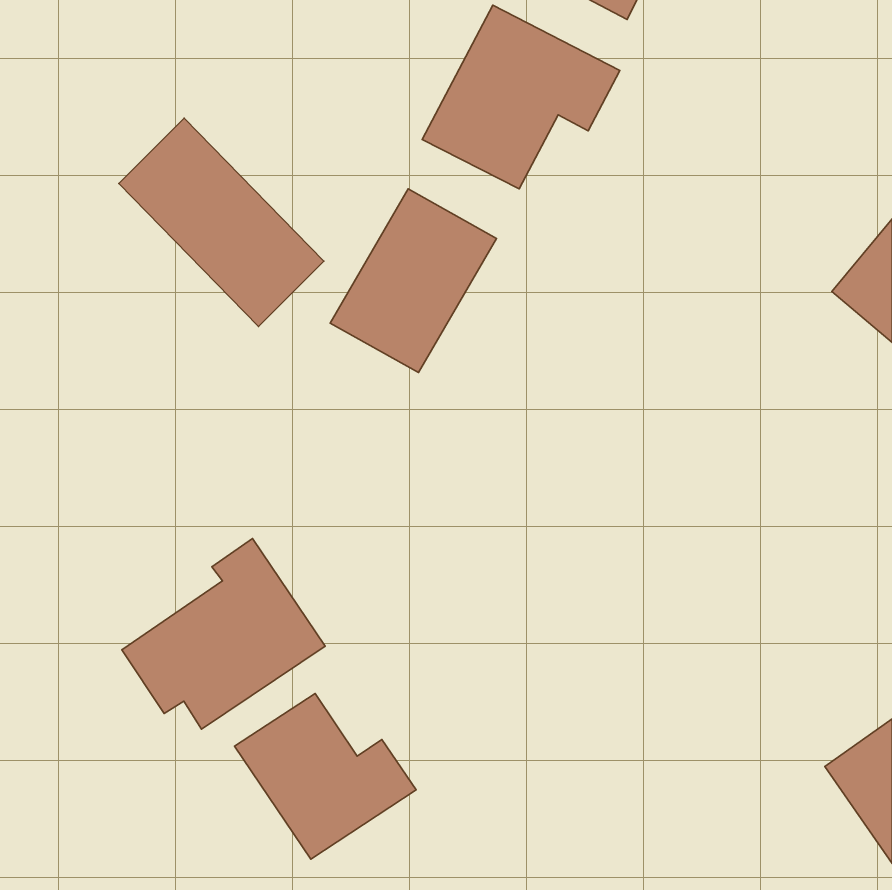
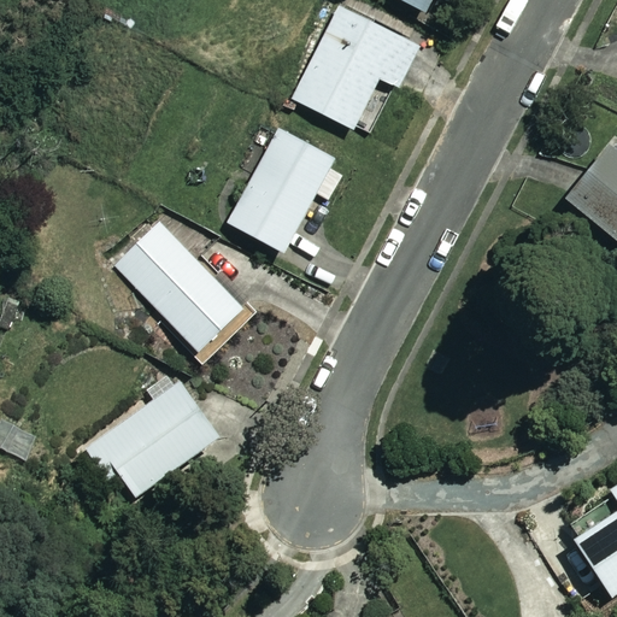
building: [119,118,324,327] -> [112,217,252,359]
building: [235,694,416,859] -> none

